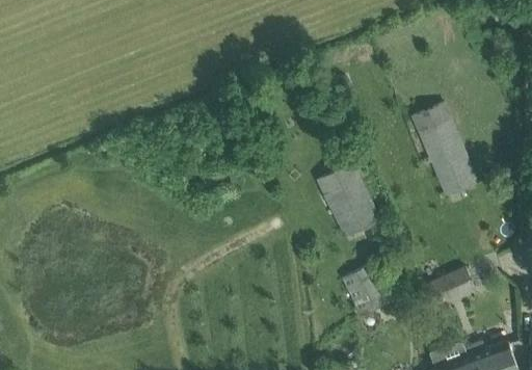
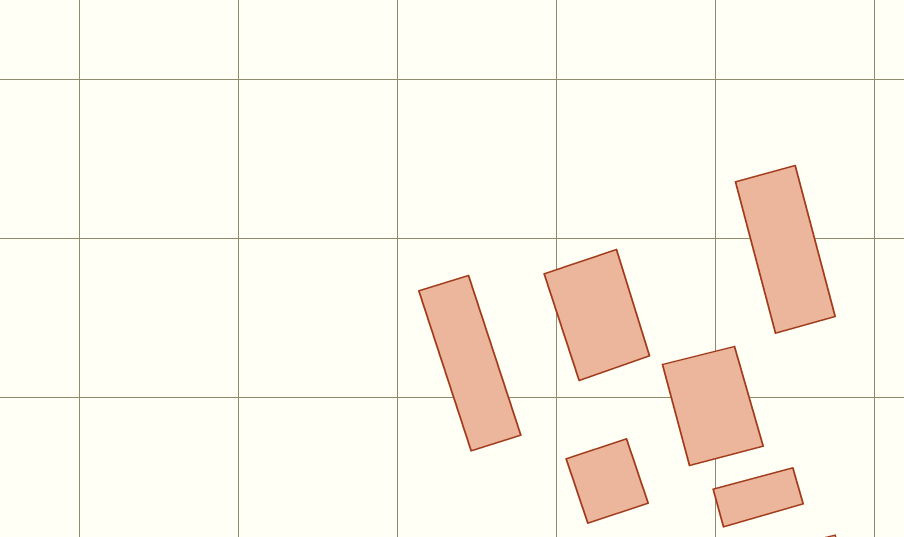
building: none -> [419,275,521,451]
building: none -> [662,347,763,465]

